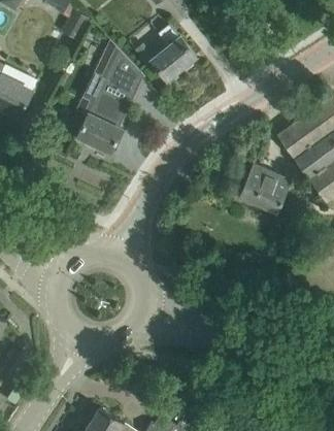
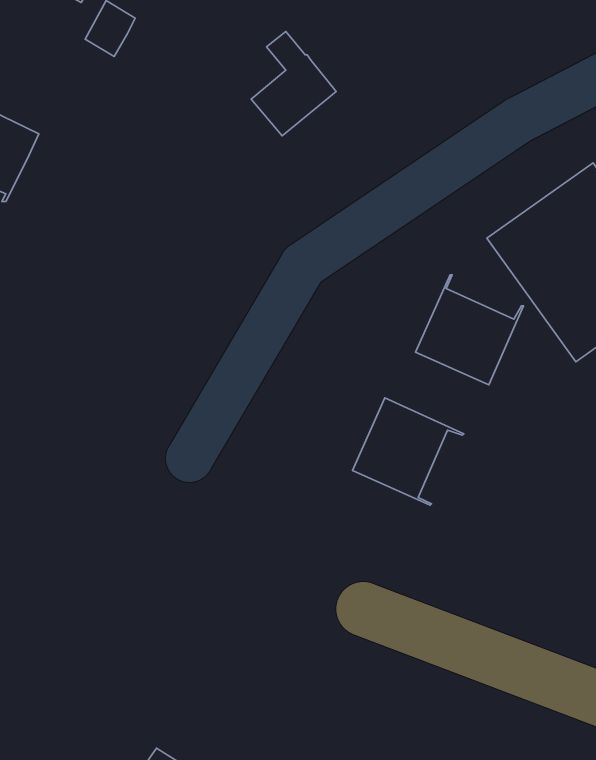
building: [75,52,140,153] -> none
building: none -> [352,398,464,505]

